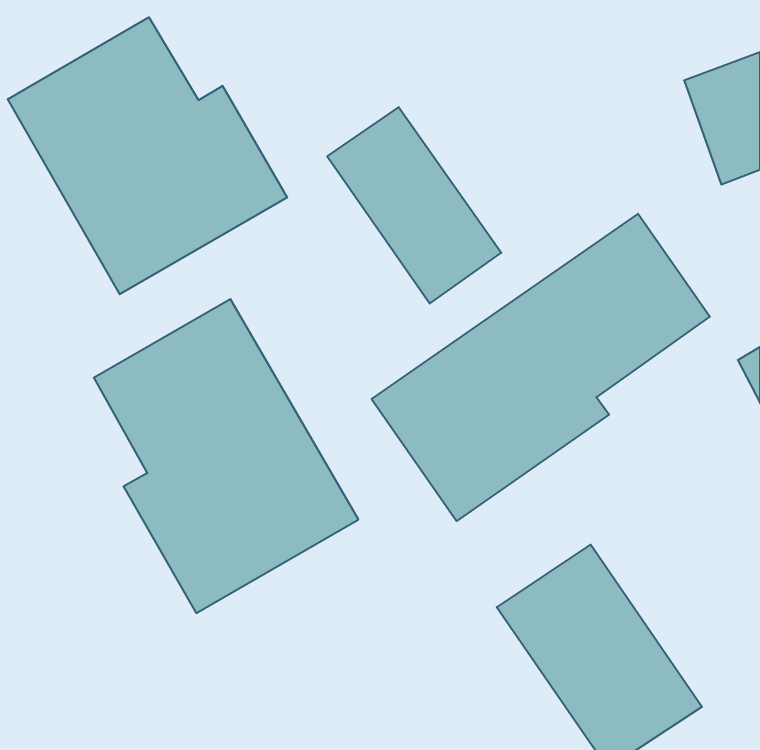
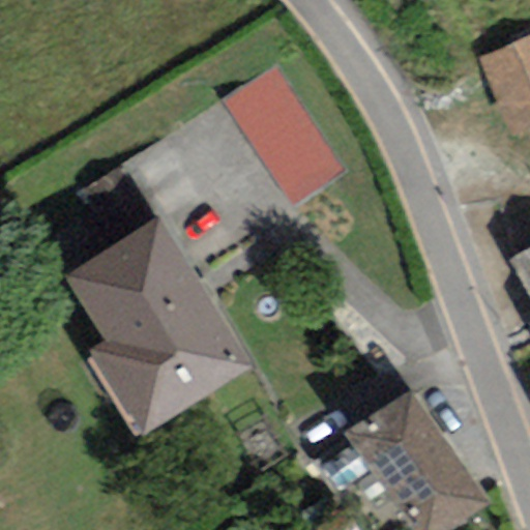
building: [8,17,287,294] -> none
building: [372,214,710,521] -> none

